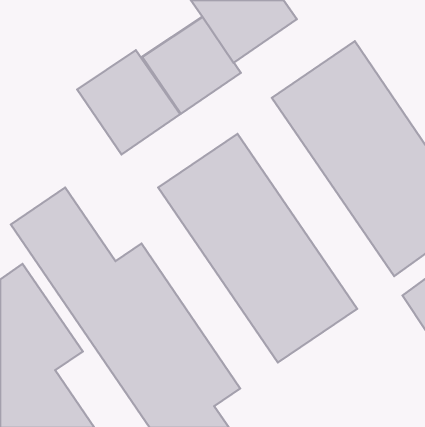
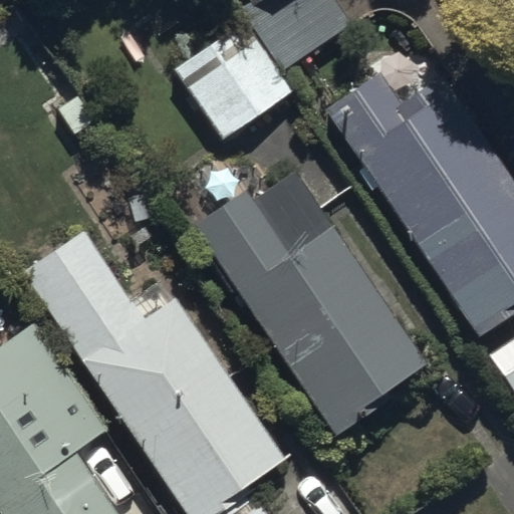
building: [77,50,180,154] -> none

